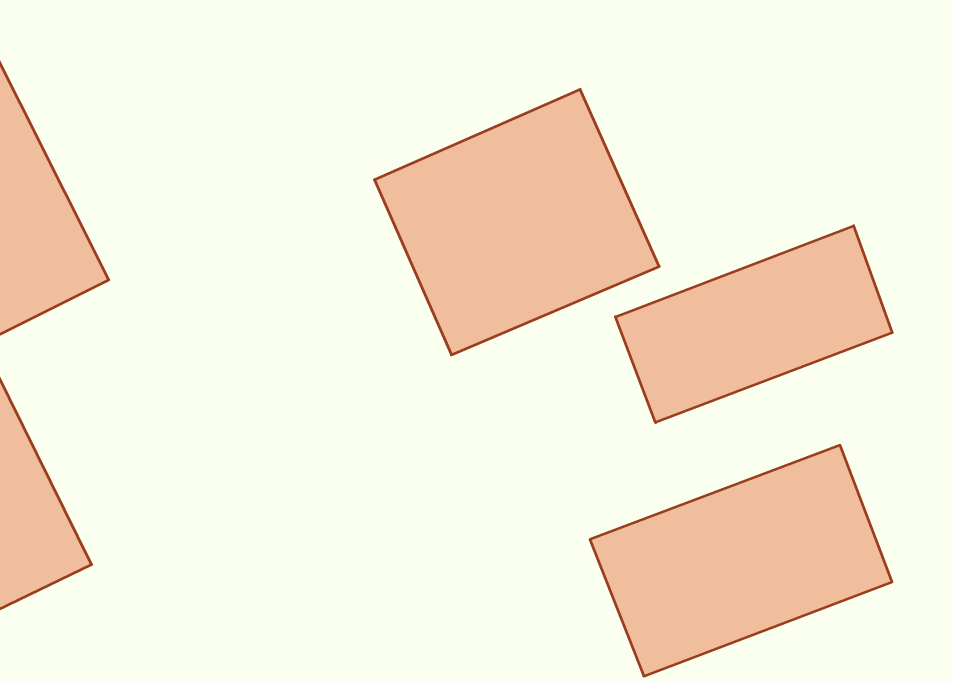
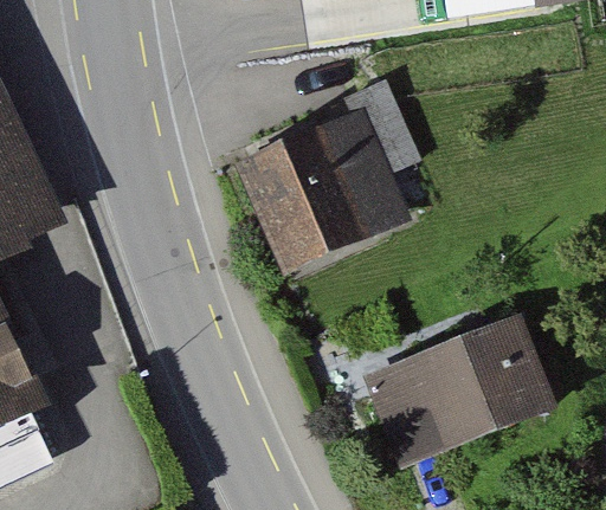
building: [615,226,892,423] -> none

